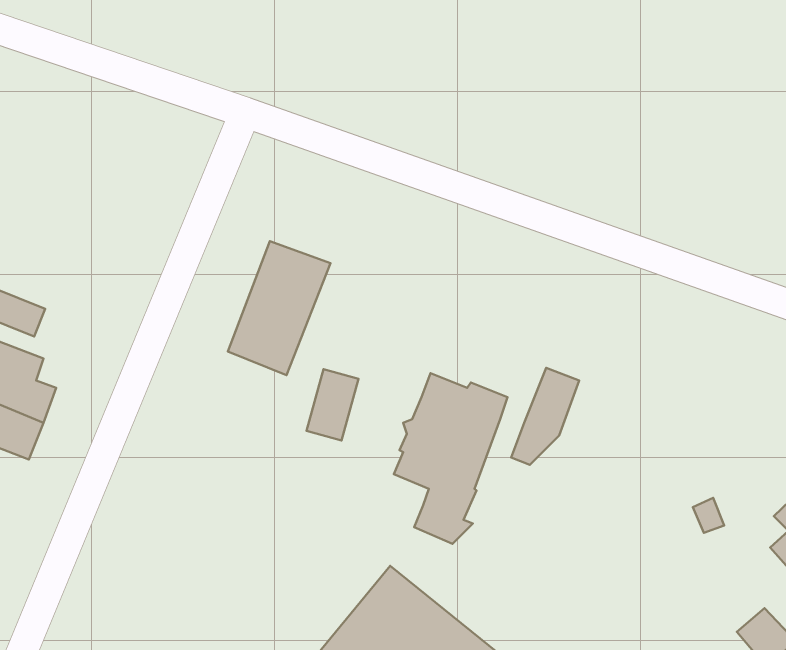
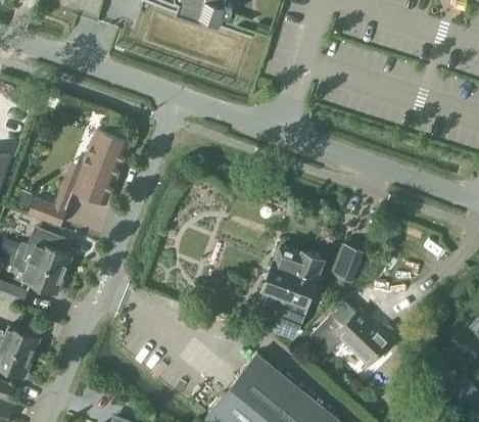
building: [228,241,330,375] -> [71,130,129,204]
building: [307,369,359,440] -> none
building: none -> [308,309,390,365]

